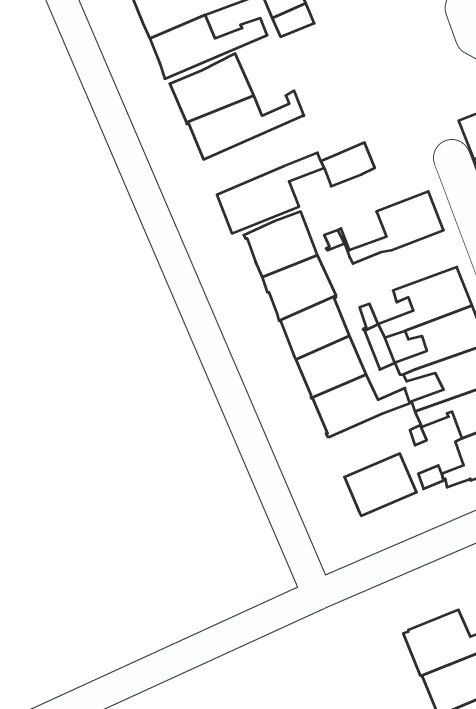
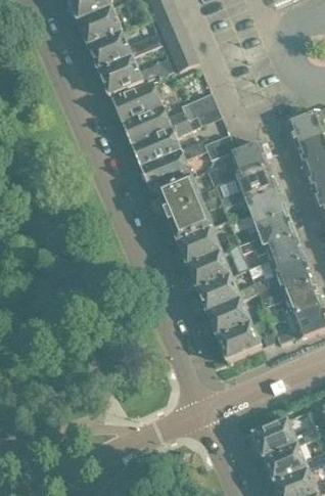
building: none -> [133,106,223,166]
building: none -> [207,141,270,185]
building: none -> [230,187,287,230]
building: none -> [210,299,252,337]

